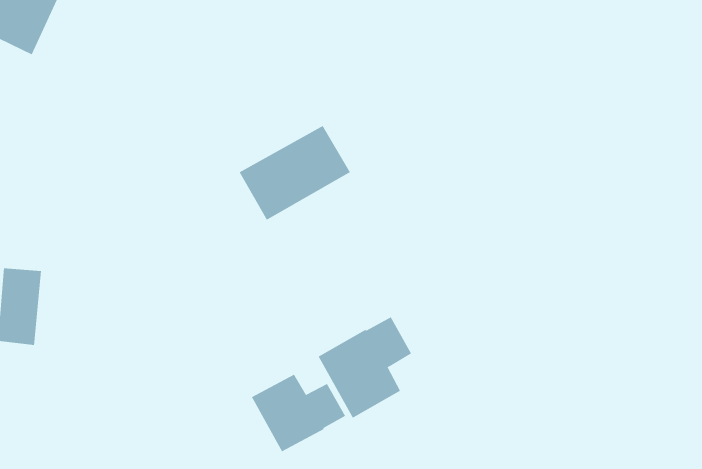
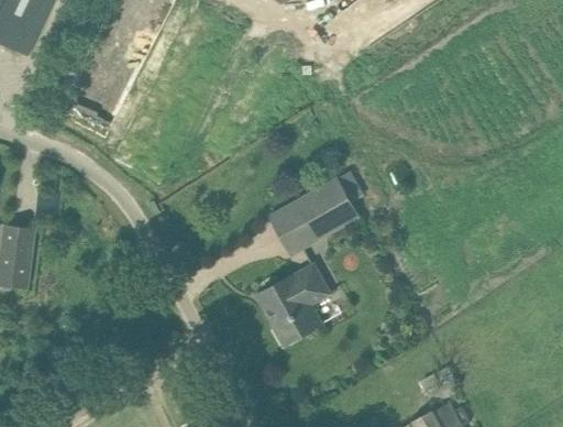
building: [239,125,351,220] -> [268,178,357,254]
building: [251,374,346,452] -> none

